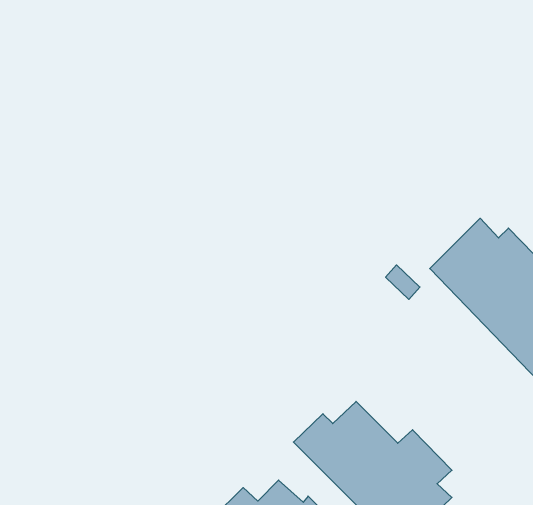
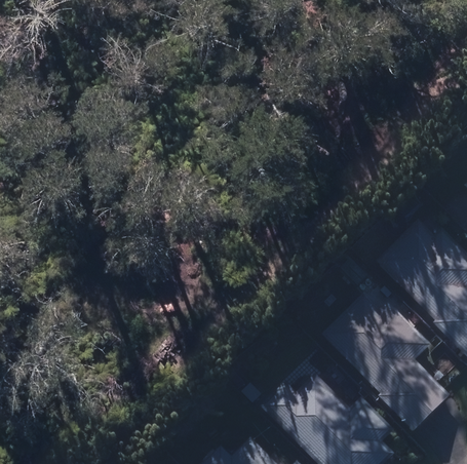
building: none -> [322,293,452,430]

